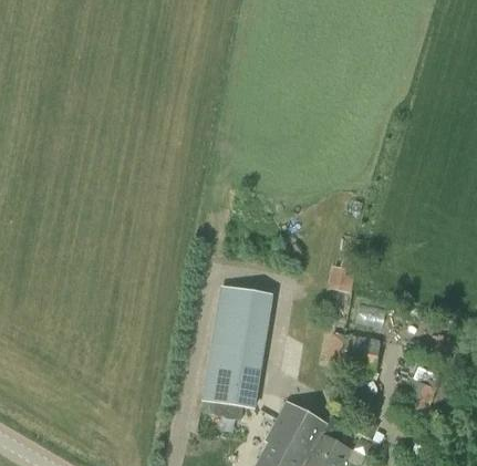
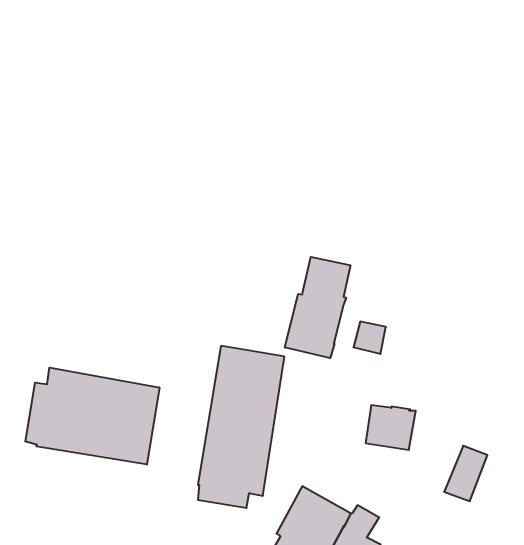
building: none -> [285,257,350,358]
building: none -> [25,368,159,465]

